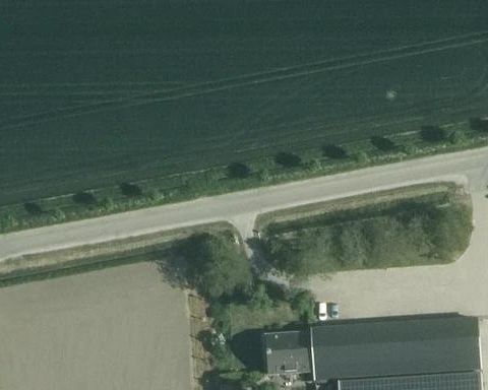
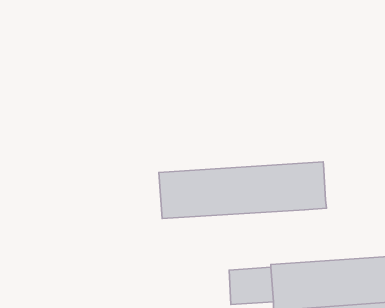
building: none -> [159,162,327,219]

